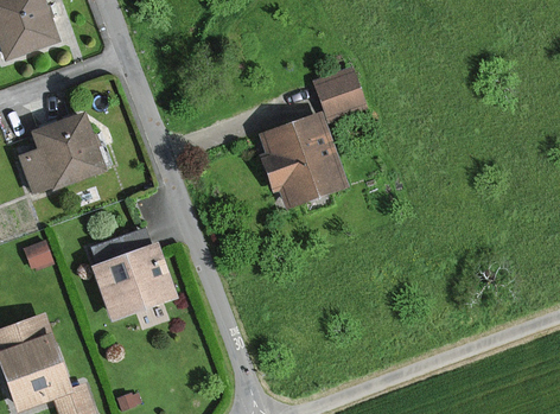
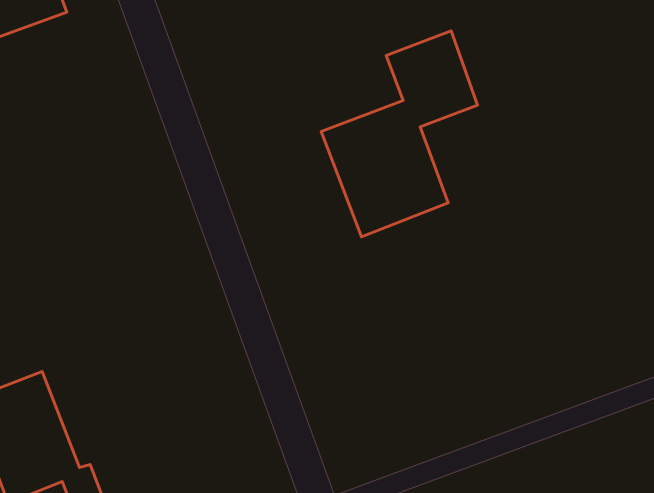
building: [17,110,104,192] -> none
building: [90,243,180,326] -> none

